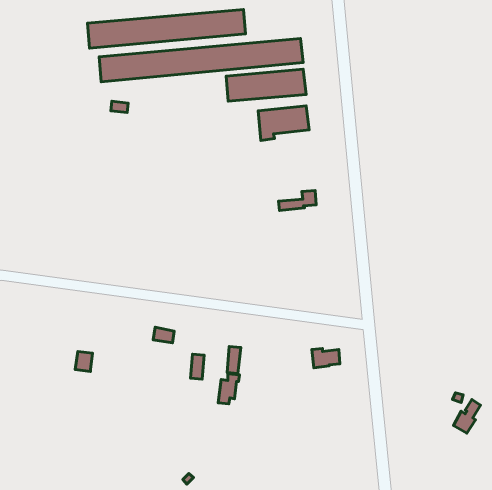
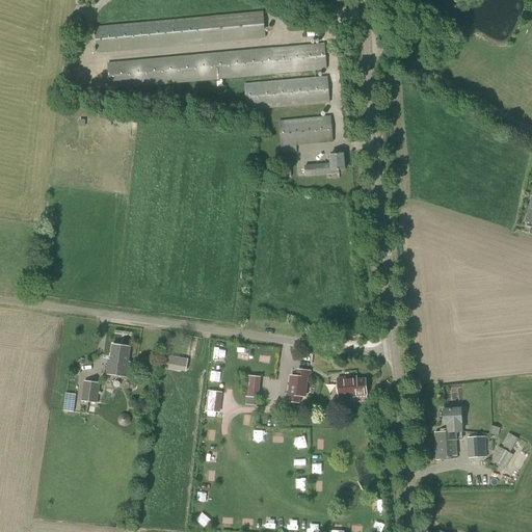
building: [279,190,316,211] -> [304,153,345,175]
building: none -> [106,343,130,376]
building: [218,374,239,404] -> [288,369,311,401]
building: none -> [434,407,462,458]
building: none -> [468,435,487,457]

